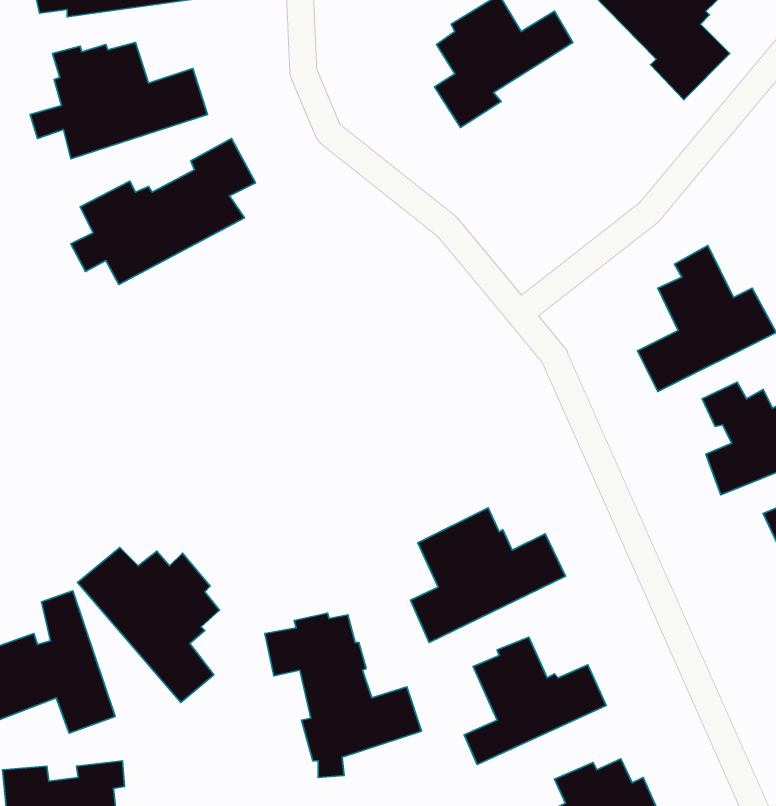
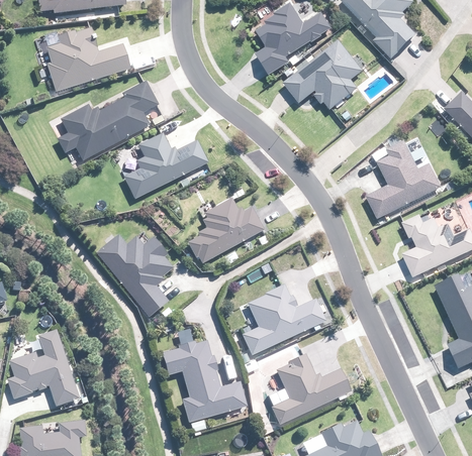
building: none -> [284,38,363,107]
building: none -> [122,132,208,199]
building: none -> [187,196,263,262]
building: [77,547,219,703] -> [94,233,172,318]

